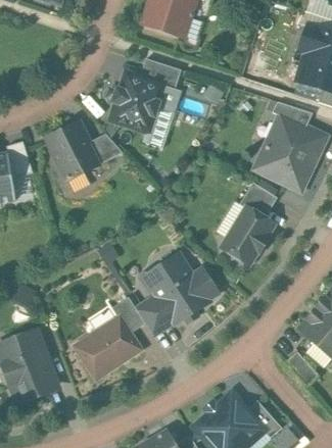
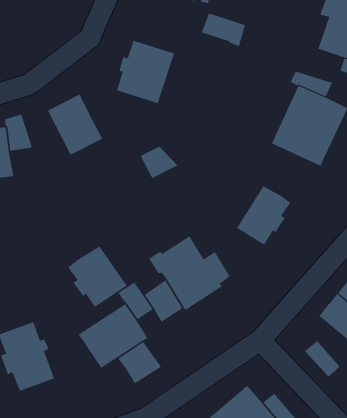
building: [139,58,181,90] -> [201,13,246,47]
building: [87,134,123,164] -> [140,146,178,179]
building: [239,182,277,217] -> none
building: none -> [67,245,128,308]
building: none -> [117,341,162,384]

